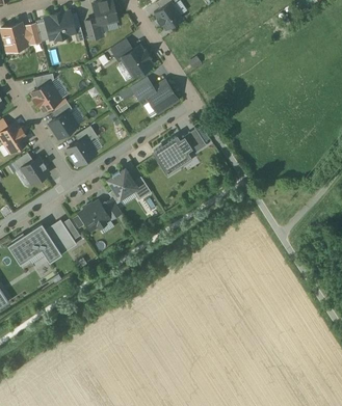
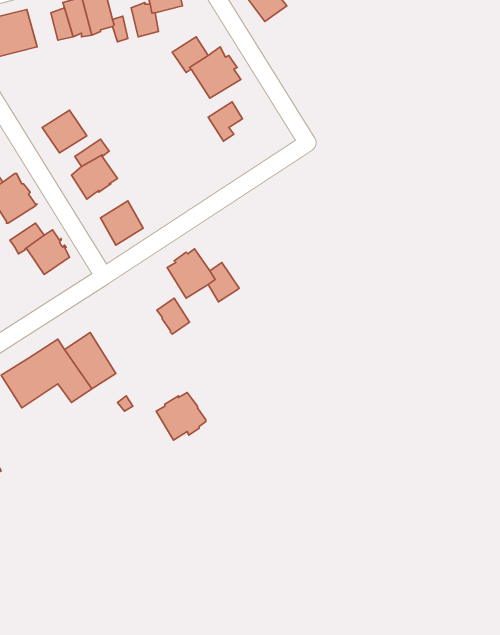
building: [146,80,178,111] -> none
building: [153,127,208,172] -> none
building: [80,200,110,229] -> [156,392,206,440]

